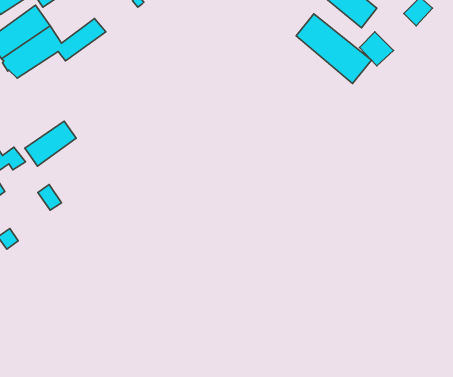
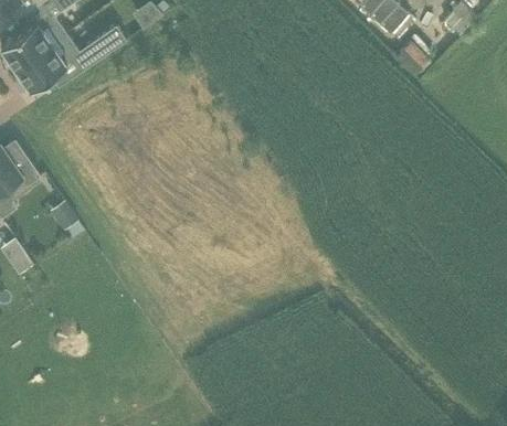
building: [296,14,372,83] -> none
building: [25,121,76,166] -> none

